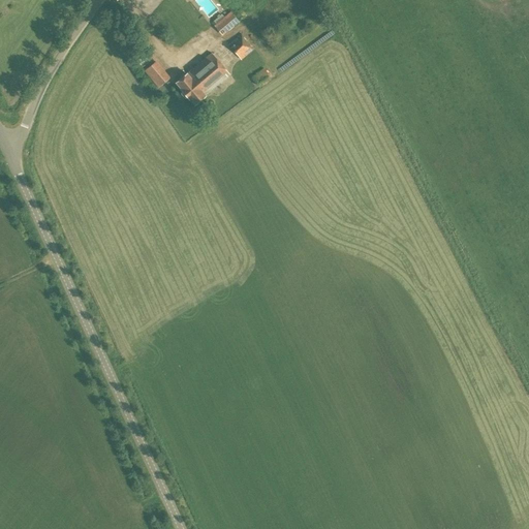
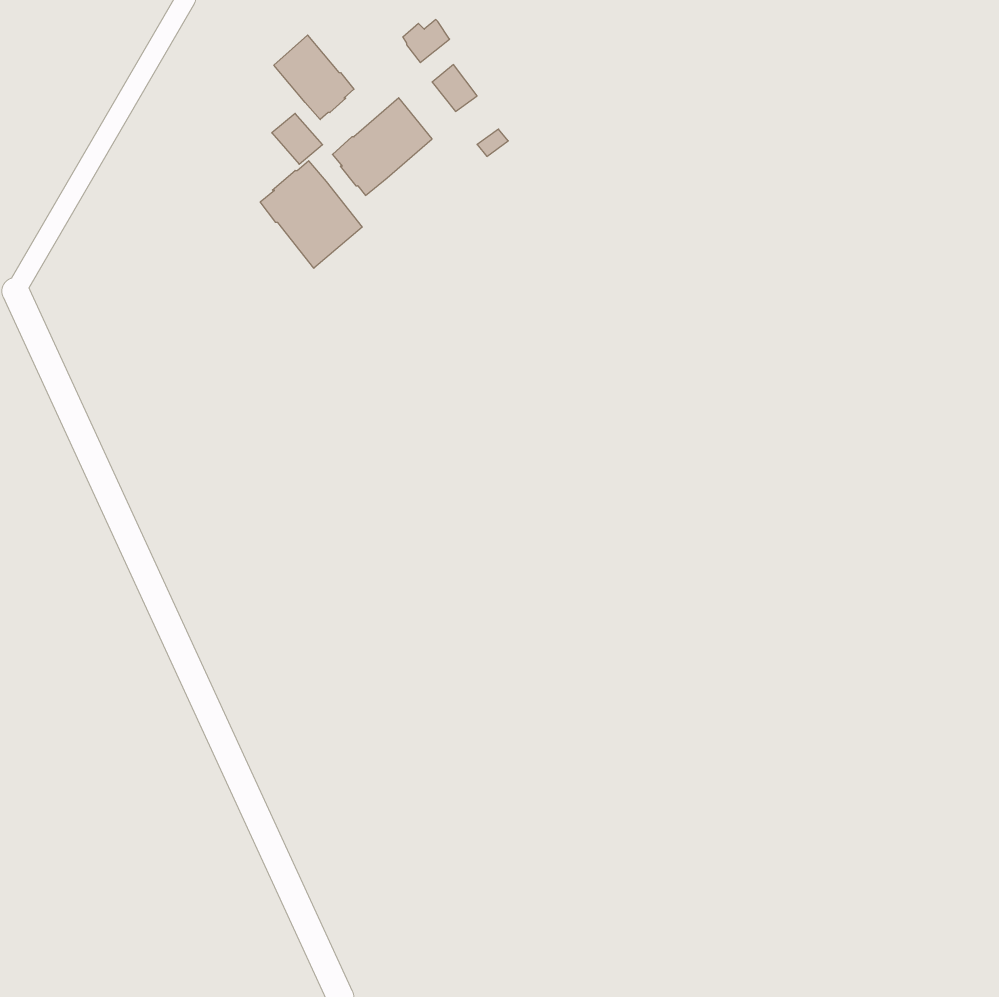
building: none -> [274,35,354,120]
building: none -> [260,161,362,268]

